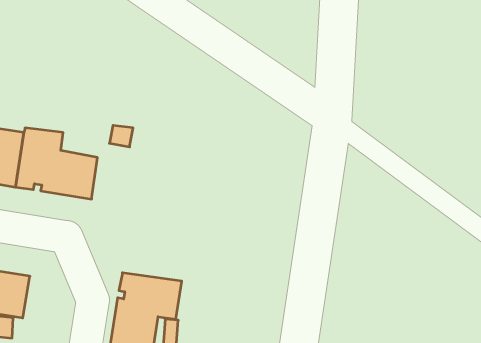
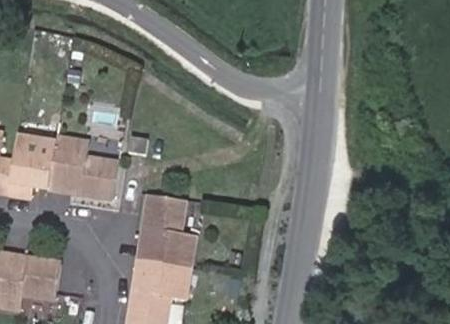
building: none -> [139,194,194,267]

